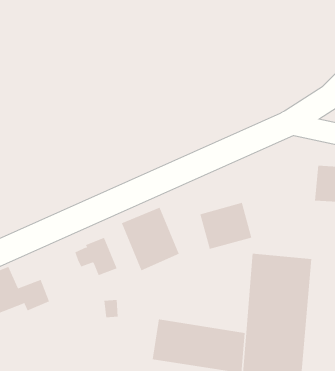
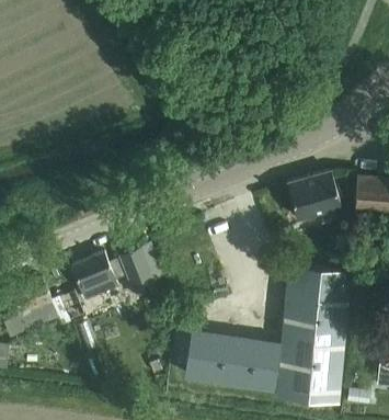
building: [199,202,252,250] -> [287,173,341,222]
building: [121,207,180,271] -> none
building: none -> [71,253,117,302]

